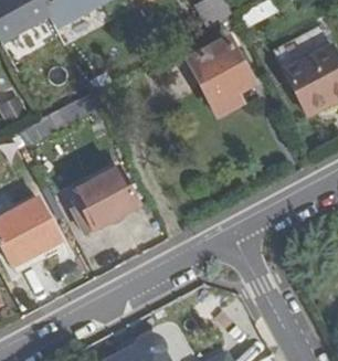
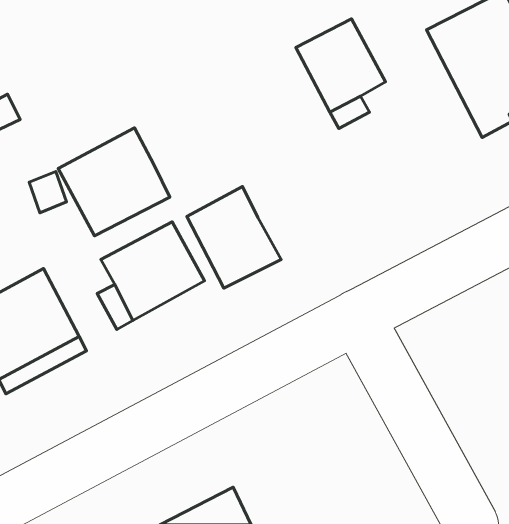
building: none -> [58,128,170,236]
building: none -> [187,186,281,288]

